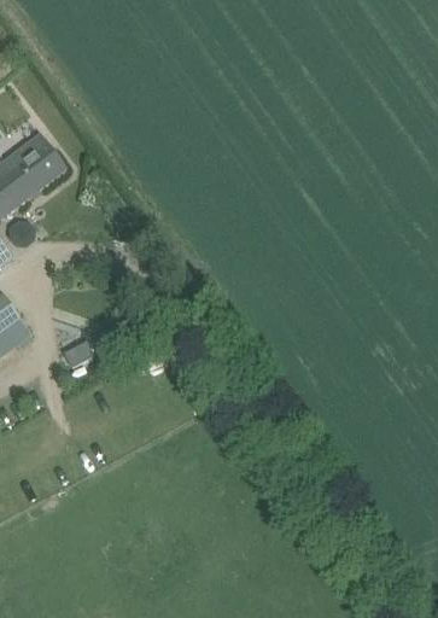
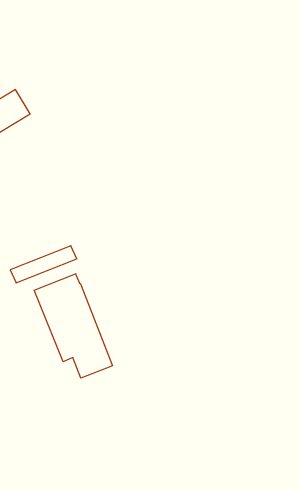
building: none -> [34,274,113,378]

